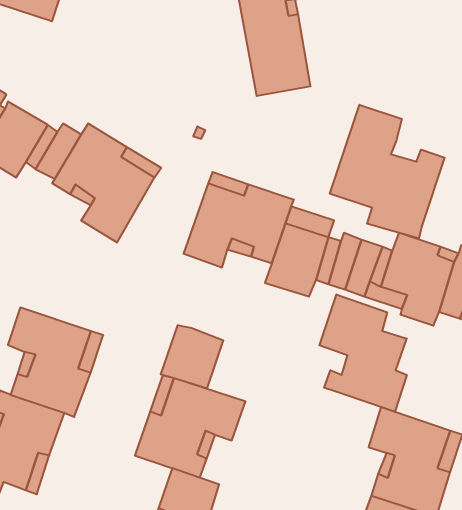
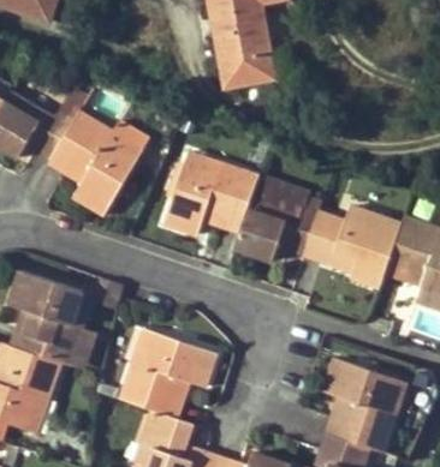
building: [330,105,445,239] -> none
building: [319,294,407,412] -> none
building: [161,325,223,388] -> none

